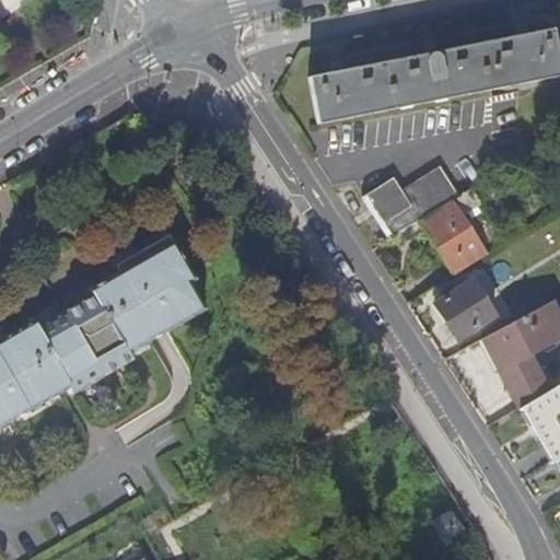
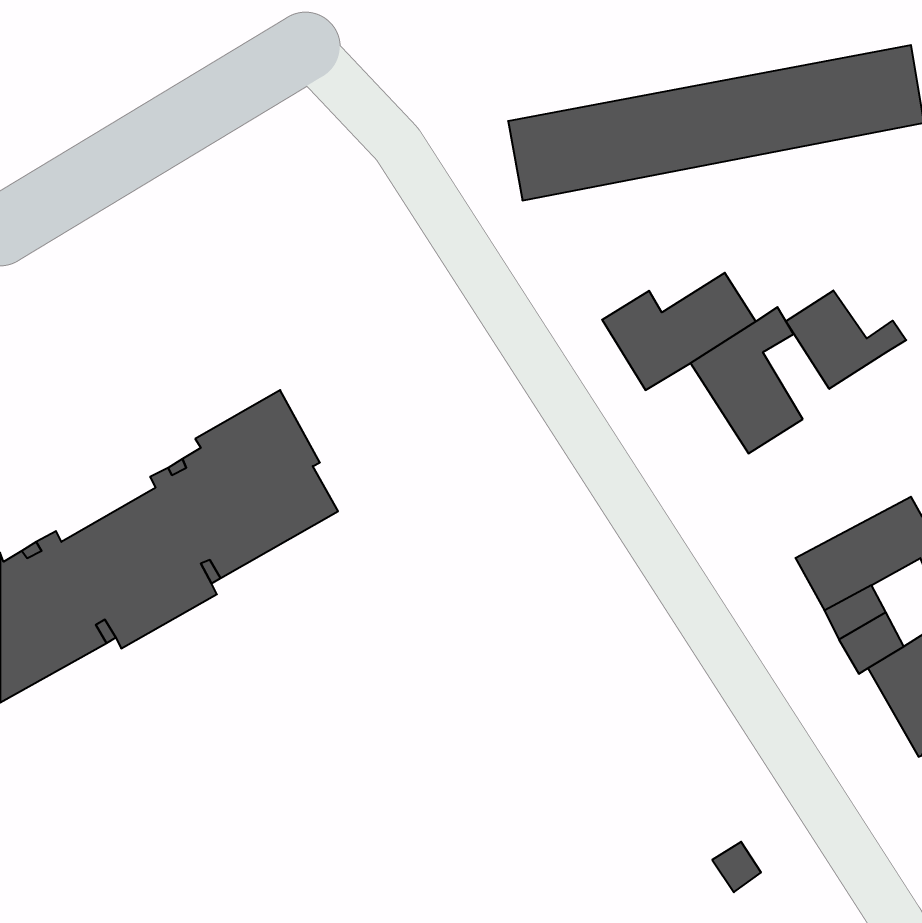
building: none -> [786,290,906,389]
building: [433,279,493,338] -> none

